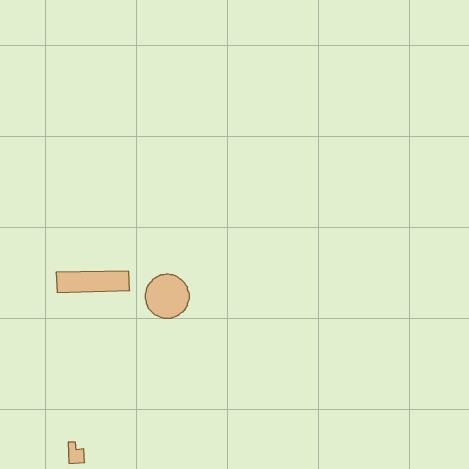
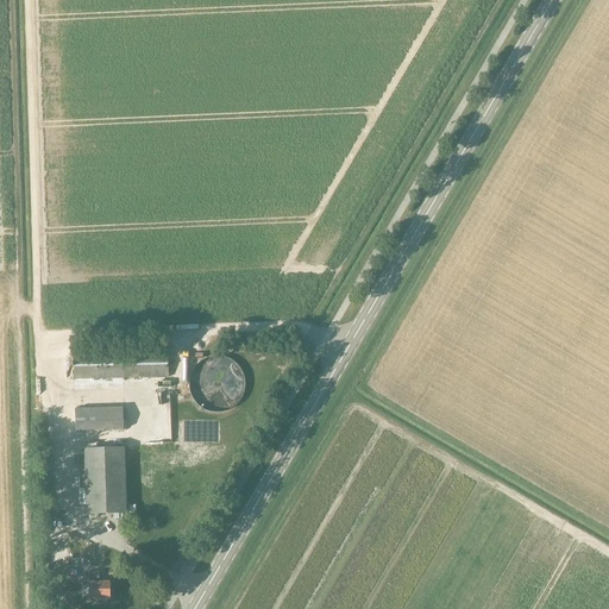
building: none -> [75,407,124,431]
building: none -> [84,448,126,513]

